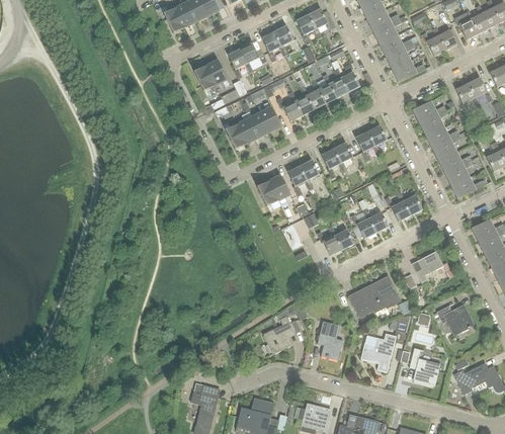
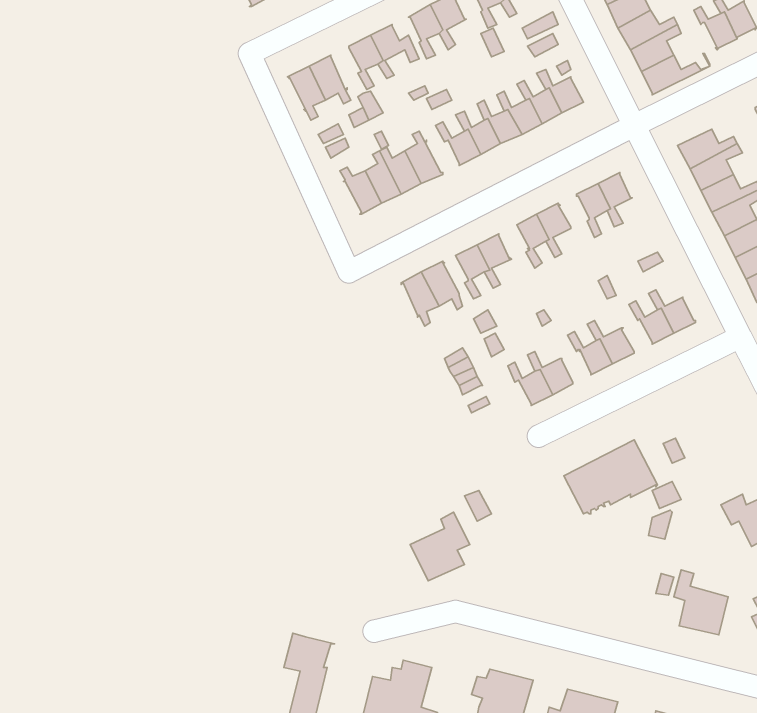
building: [416,250,443,281] -> none
building: [317,320,343,359] -> none
building: [361,332,396,371] -> none

